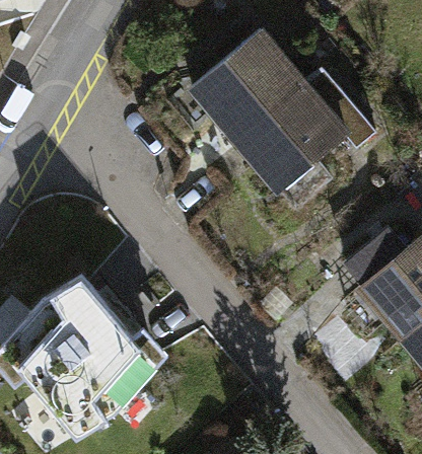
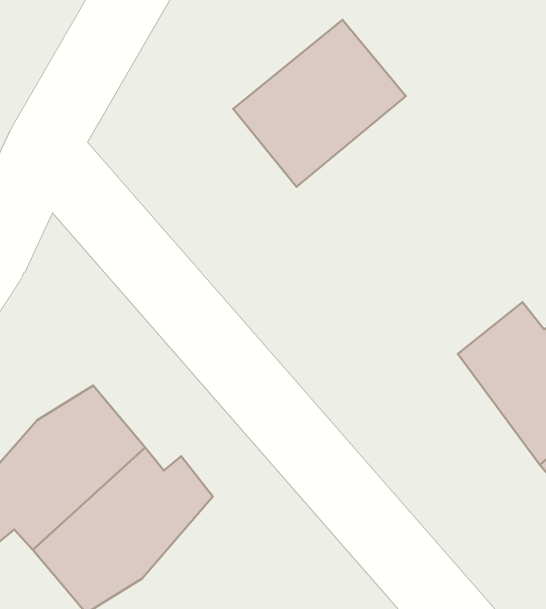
building: [229,68,374,196] -> none

